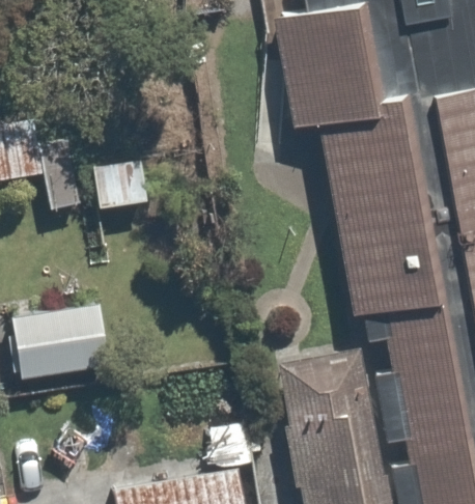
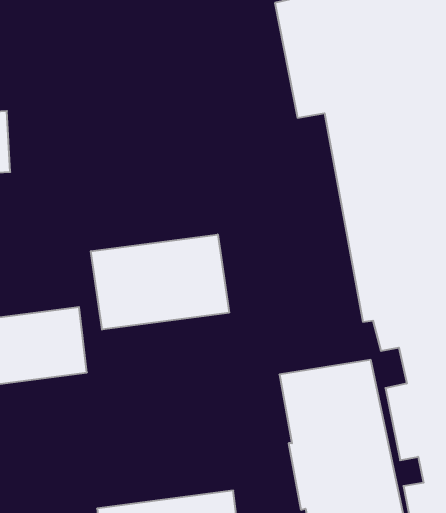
building: none -> [91,234,229,330]

